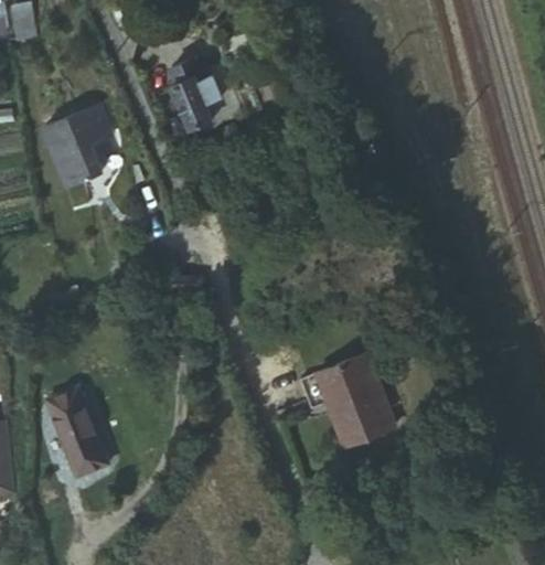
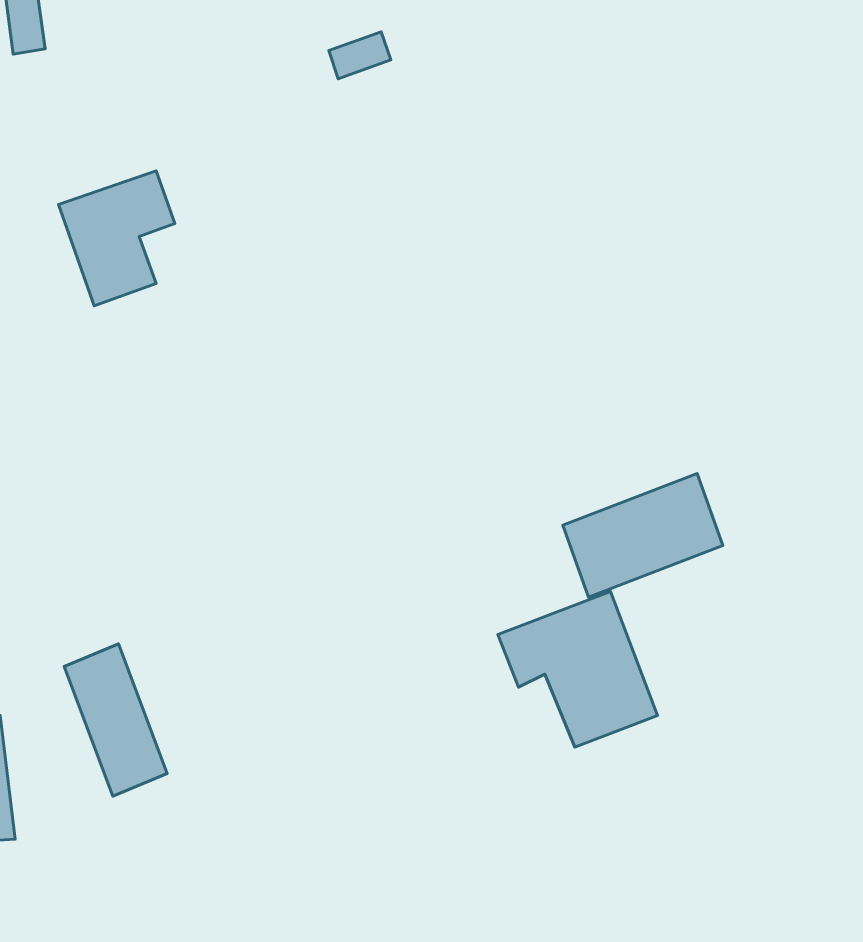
building: [172,62,224,131] -> none
building: none -> [563,474,723,597]

